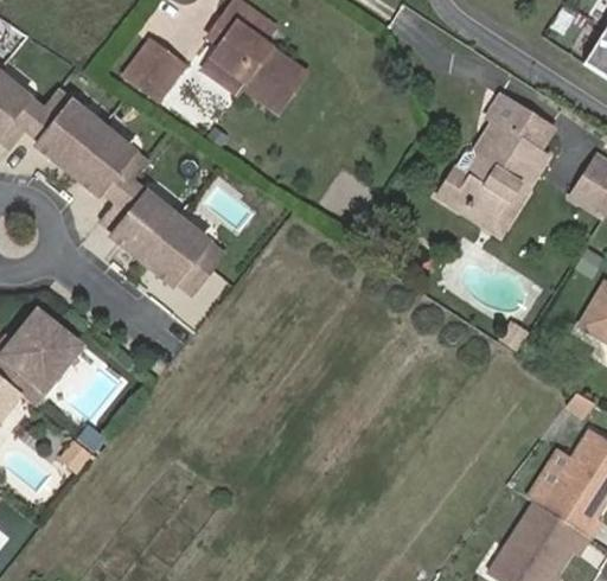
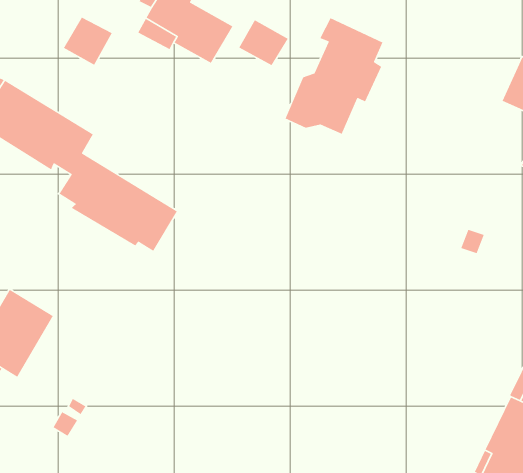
building: none -> [238,19,289,66]
building: [443,95,556,217] -> [284,17,383,135]

